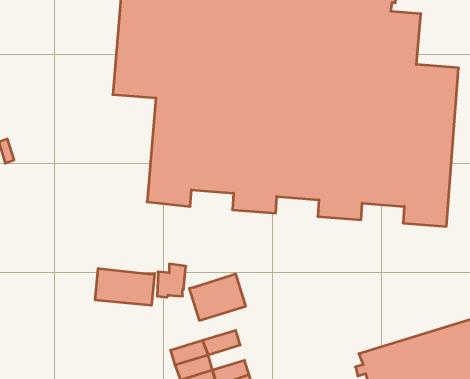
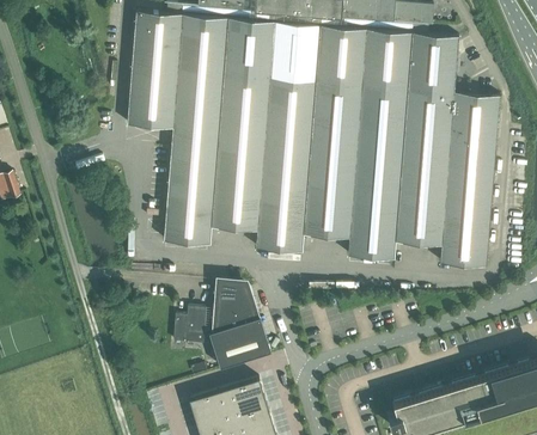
building: none -> [214,282,255,332]
building: [95,268,155,305] -> none
building: none -> [228,394,268,422]

